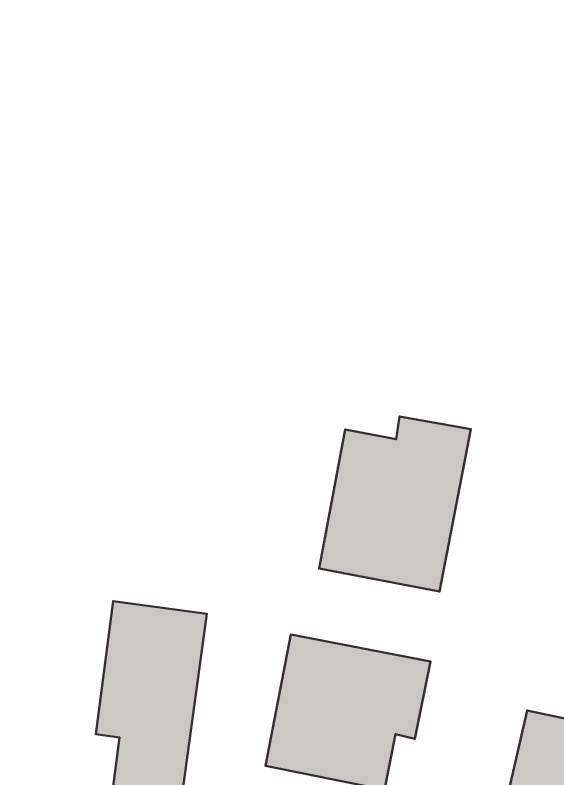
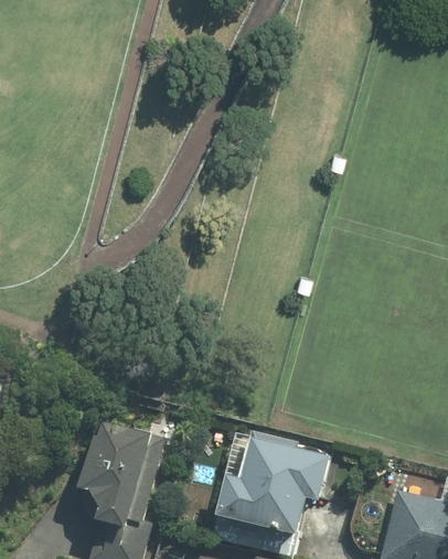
building: [319,416,471,592] -> none

